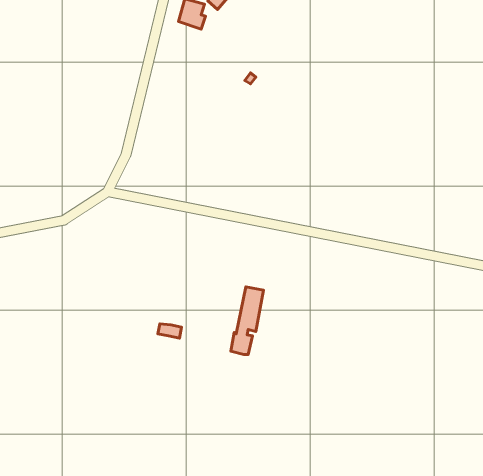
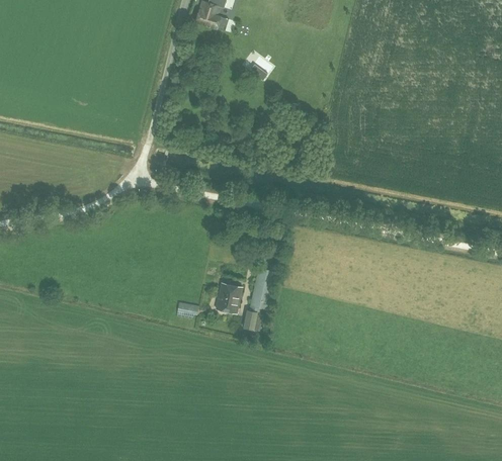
building: none -> [216,281,242,311]

